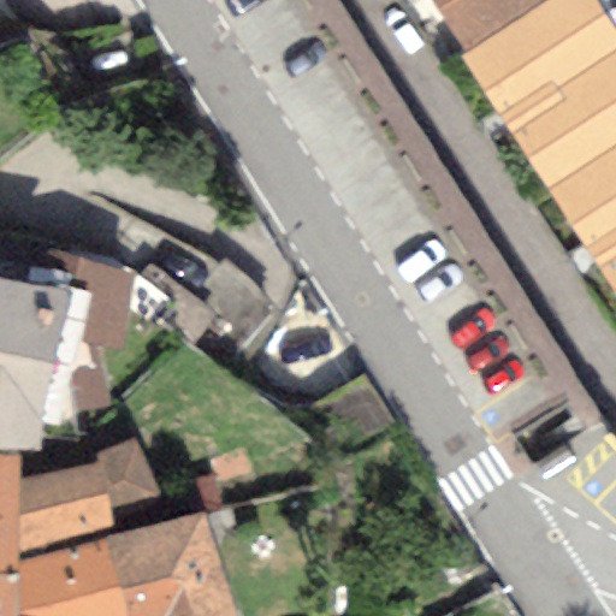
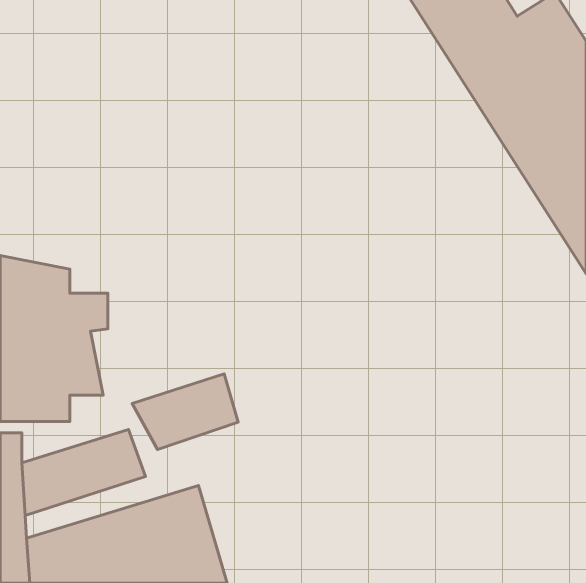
building: none -> [132,374,238,450]

